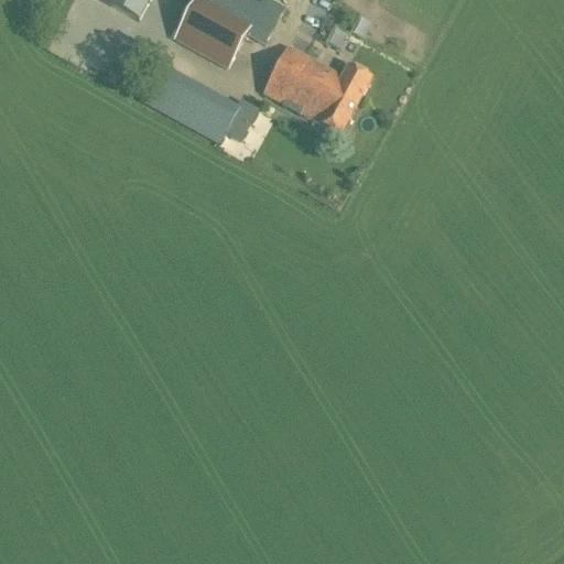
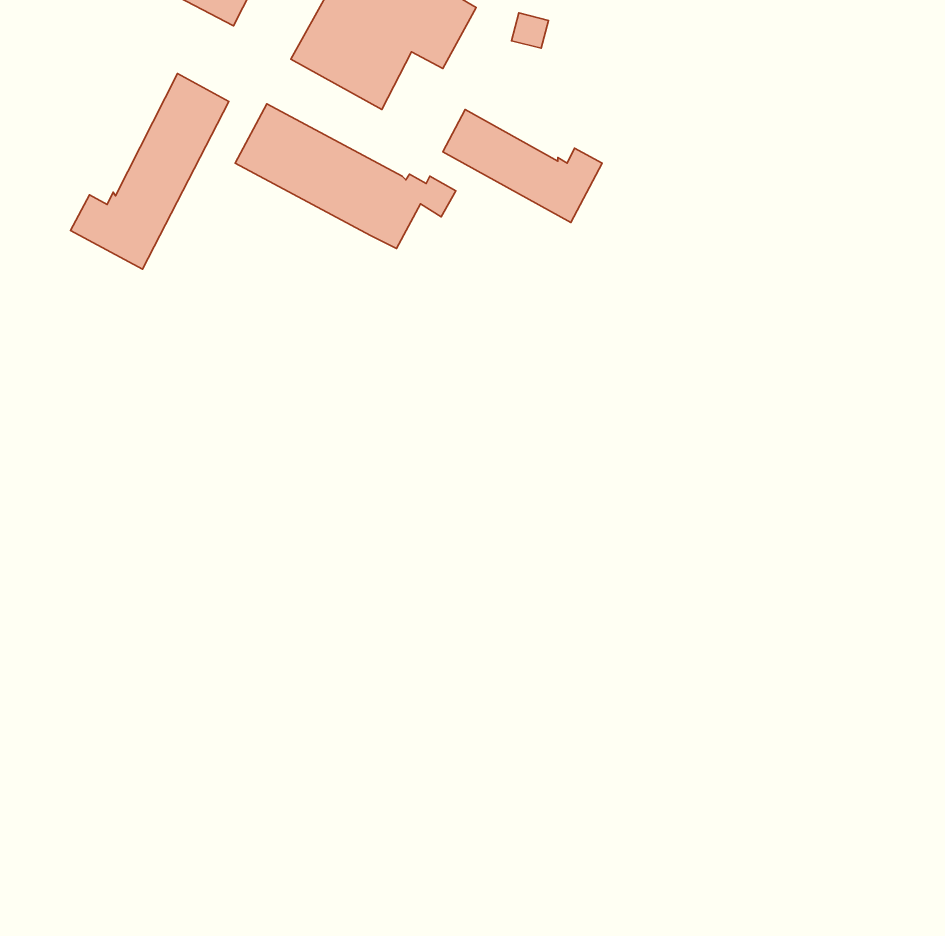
building: none -> [70,74,229,269]
building: [276,44,370,97] -> none

